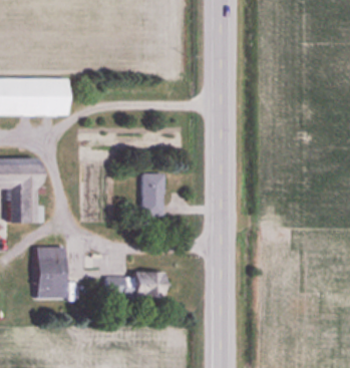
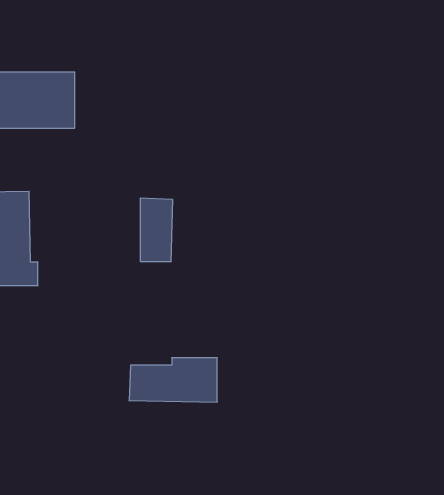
building: [142,172,164,216] -> [140,198,173,261]
building: [37,248,66,300] -> none

